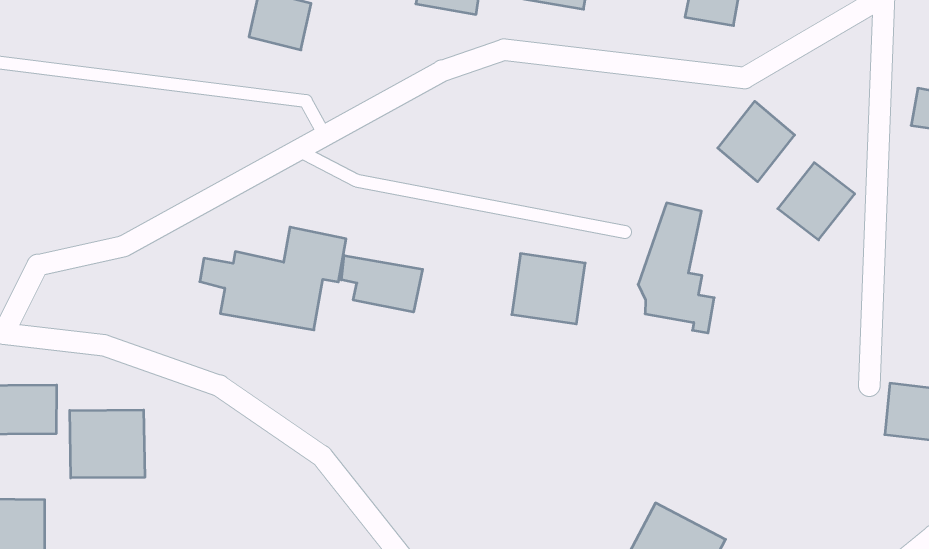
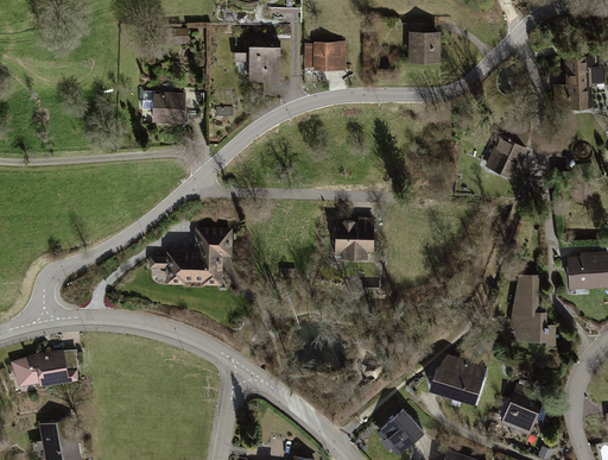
building: [718,101,795,182] -> none
building: [638,203,714,333] -> [508,272,555,345]
building: [341,255,423,312] -> none
building: [70,410,145,478] -> none

